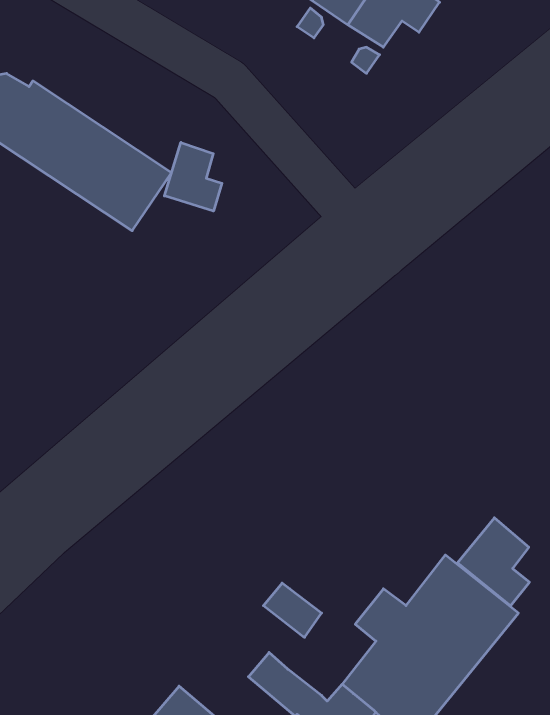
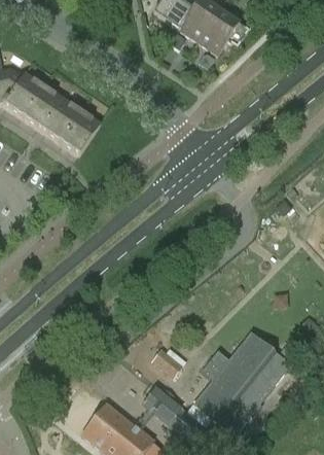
building: [164,142,222,211] -> none
building: [458,518,529,606] -> none

